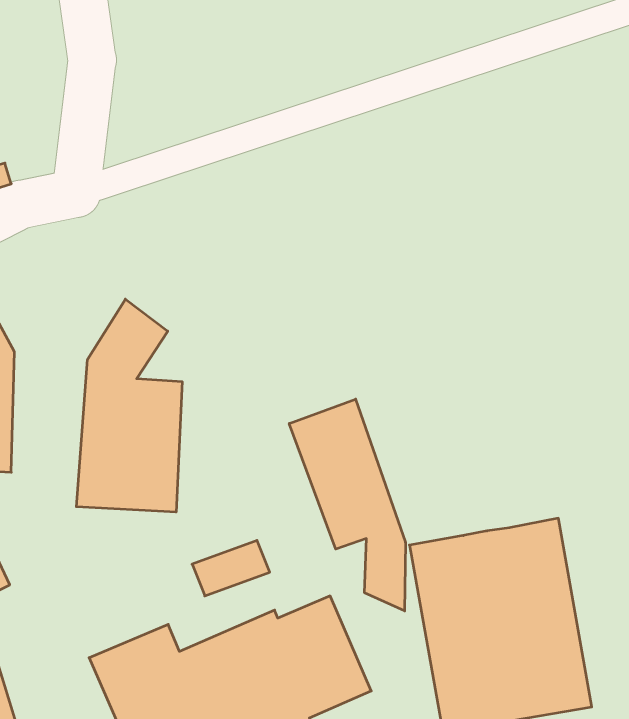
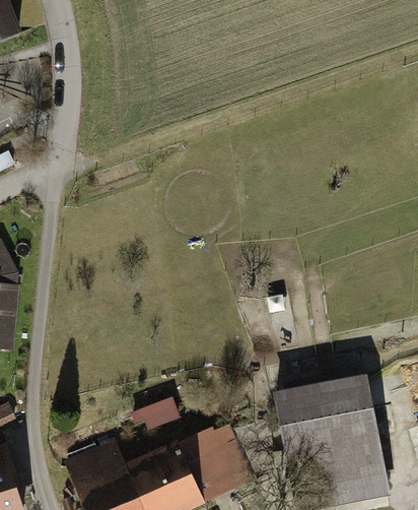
building: [76,299,182,512] -> none
building: [289,399,405,611] -> none

